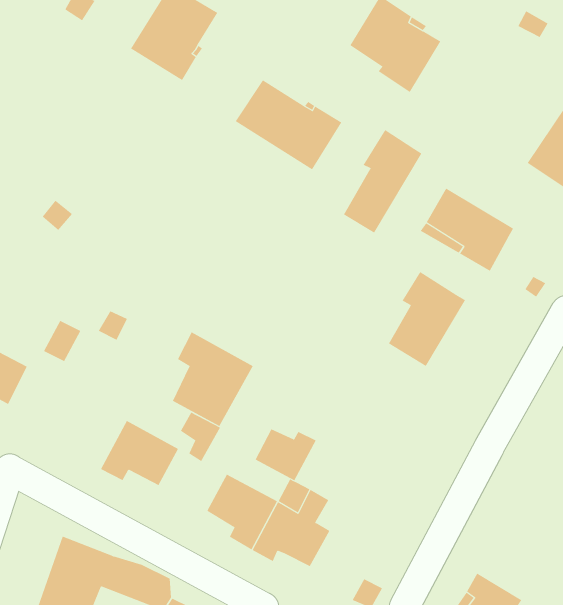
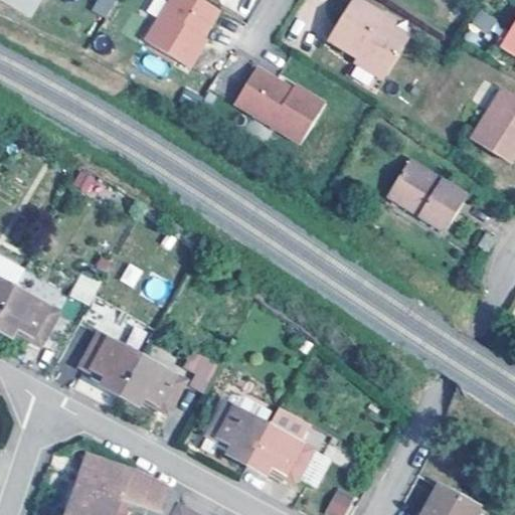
building: [343,129,422,234] -> none
building: [388,271,466,367] -> none
building: [172,332,253,427] -> none
building: none -> [81,332,141,396]
building: [255,428,316,481] -> none

